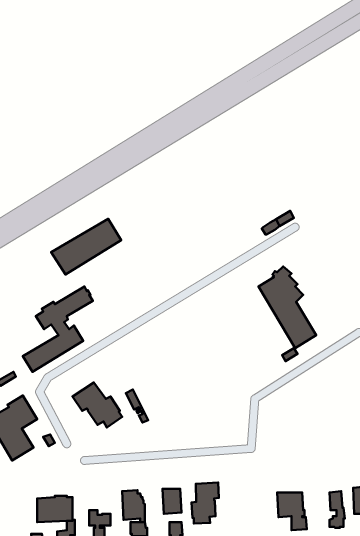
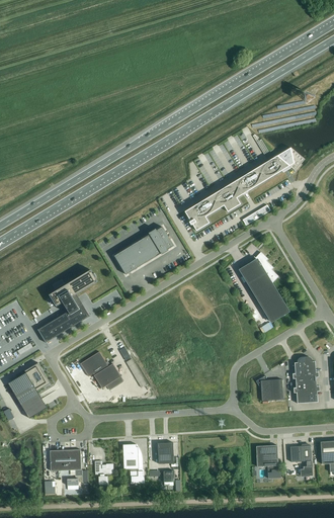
building: none -> [182,147,304,230]
building: [51,219,121,275] -> [113,227,173,274]
building: none -> [291,356,319,403]
building: none -> [255,376,282,401]
building: [192,483,219,523] -> none

